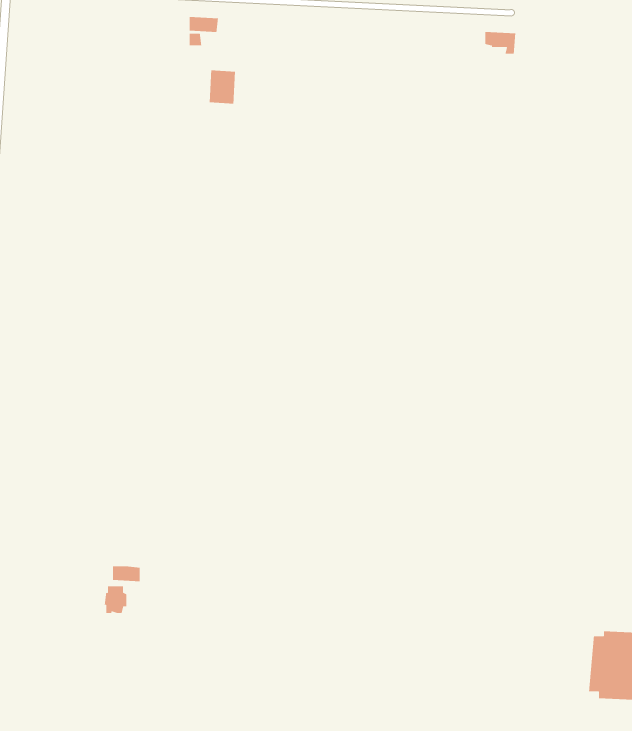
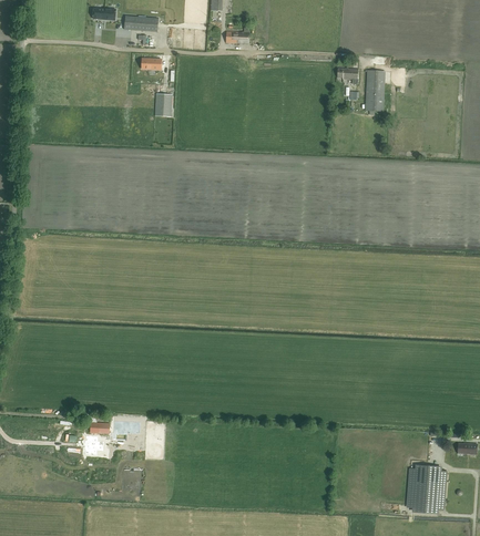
building: none -> [365,70,385,114]

